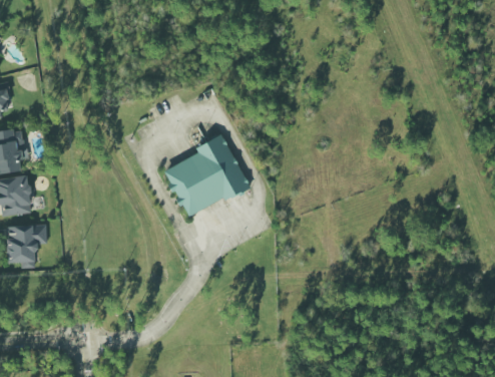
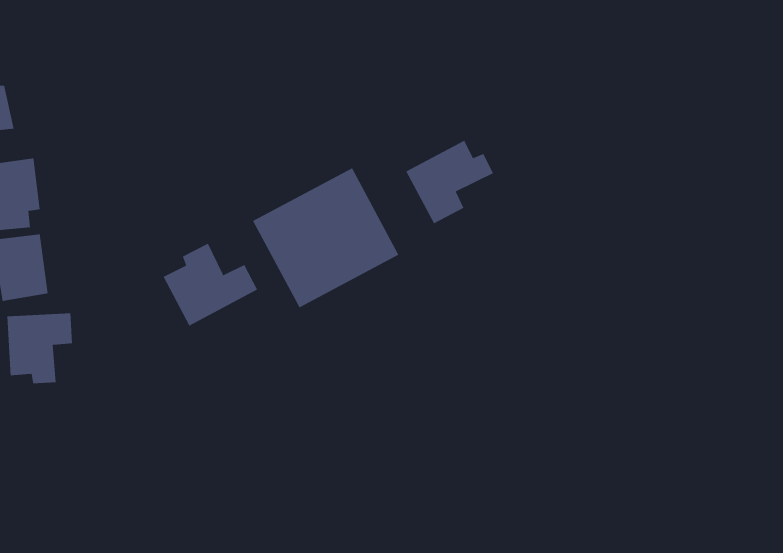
building: none -> [405,140,494,224]
building: none -> [163,243,258,326]

